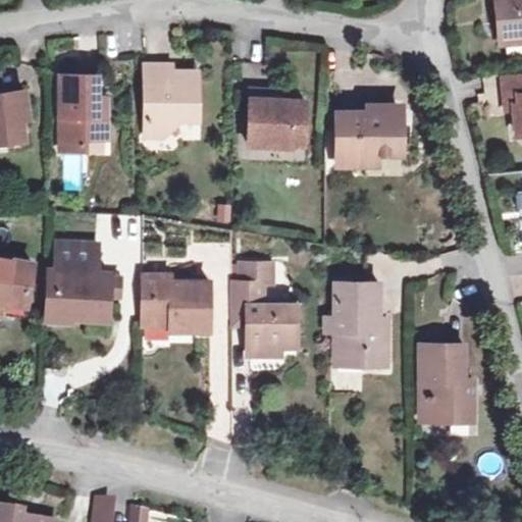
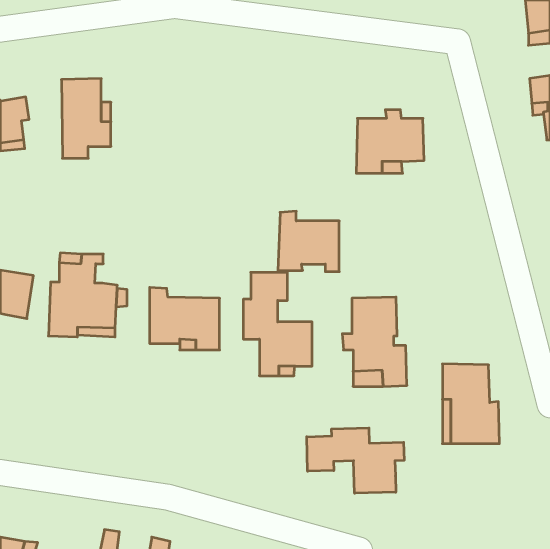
building: [147,64,199,139] -> none
building: [245,90,303,147] -> [278,211,339,272]
building: none -> [307,428,404,493]

